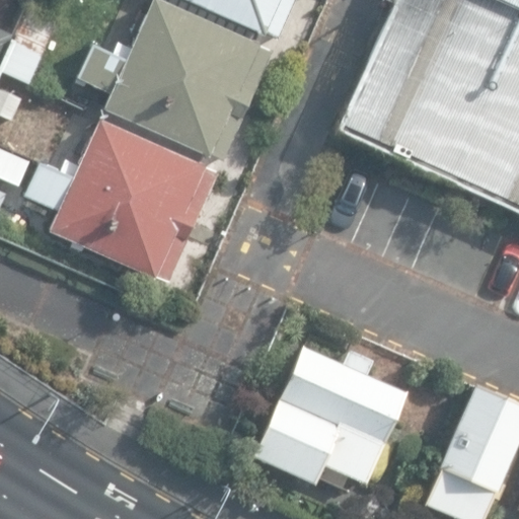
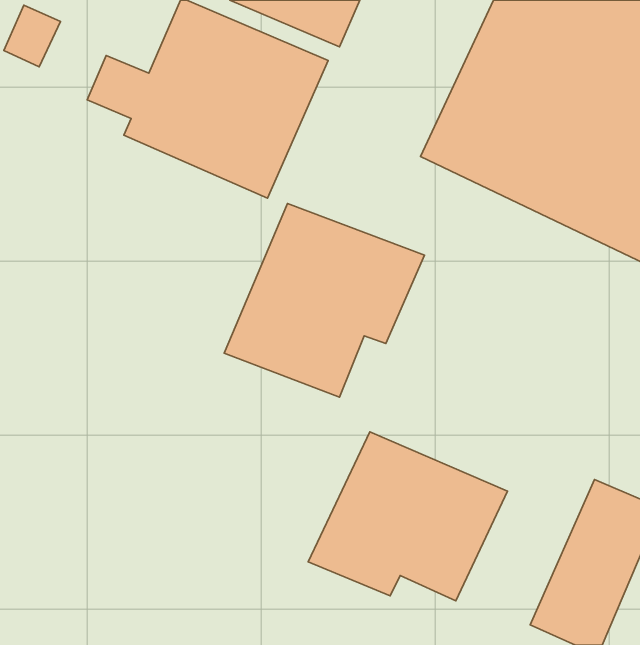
building: [15,122,213,285] -> none
building: none -> [224,204,424,397]

